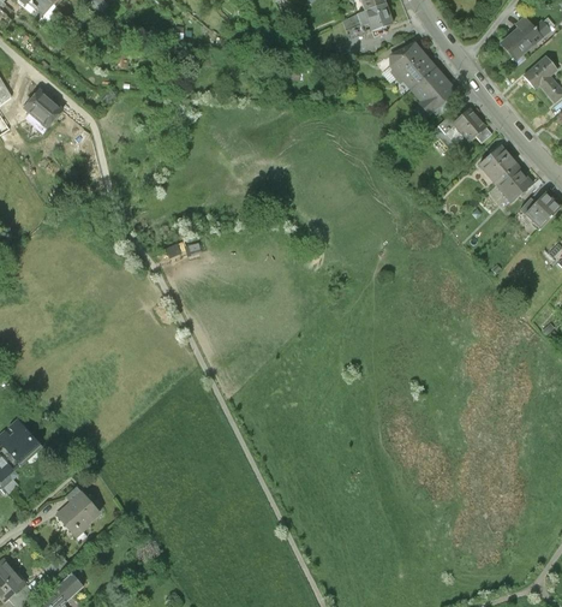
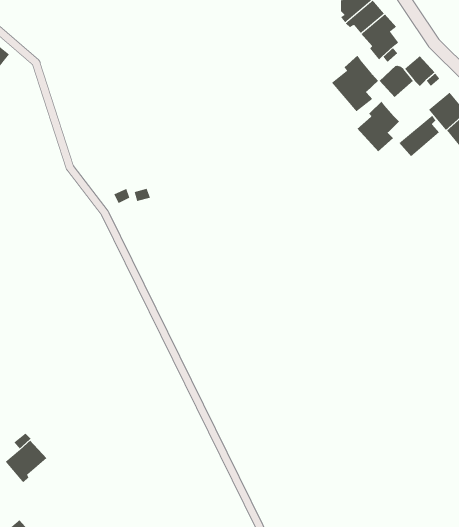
building: none -> [331,55,379,112]
building: none -> [356,101,400,152]
building: none -> [399,115,440,157]

